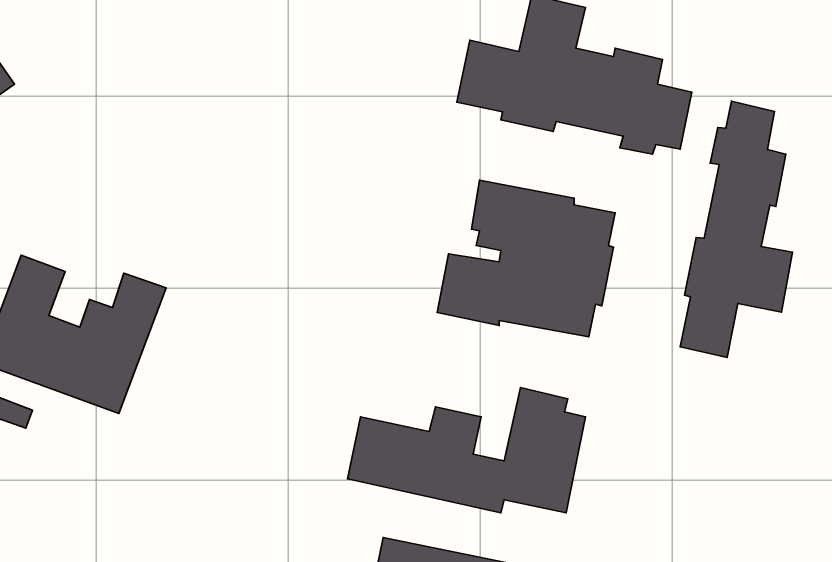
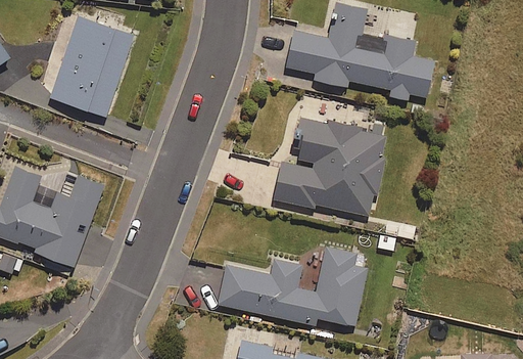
building: none -> [49,16,133,117]
building: [680,101,793,358] -> none

